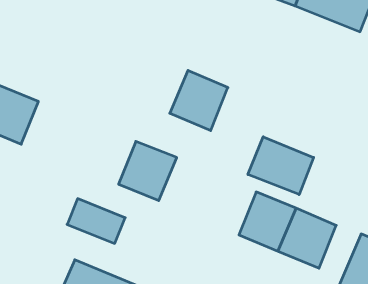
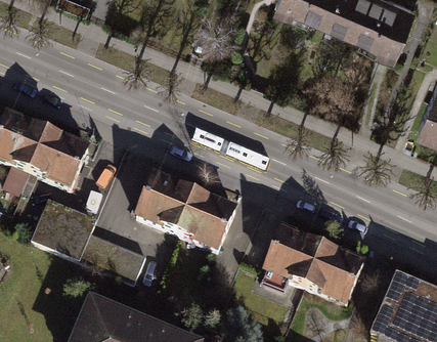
building: [170,70,228,131] -> [176,193,238,257]
building: none -> [29,132,91,196]
building: [248,137,314,195] -> none
building: none -> [27,204,94,264]

